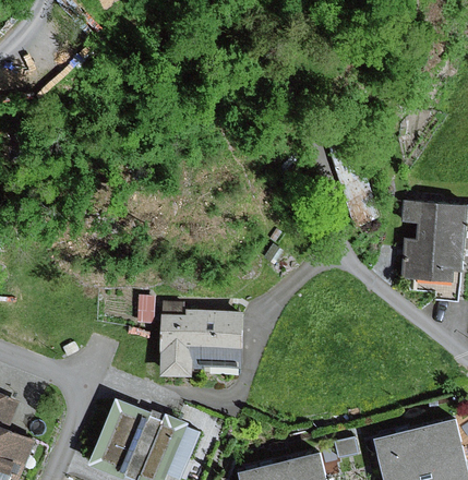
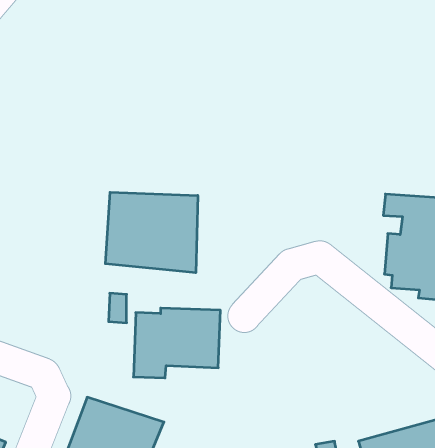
building: none -> [105,192,198,273]

